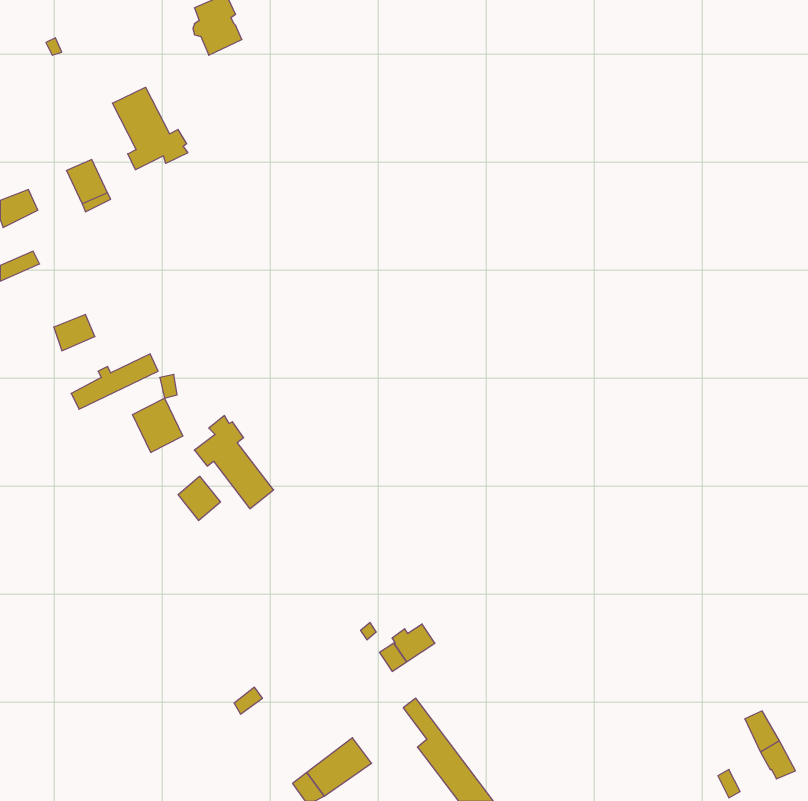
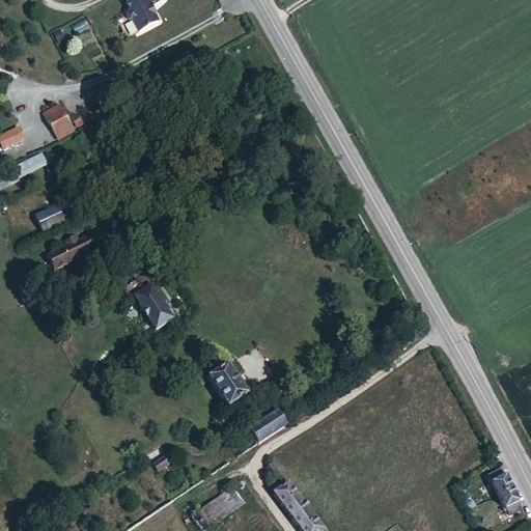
building: [112,87,188,170] -> none
building: [133,398,183,453] -> none
building: [178,476,220,521] -> none
building: none -> [207,363,247,406]

